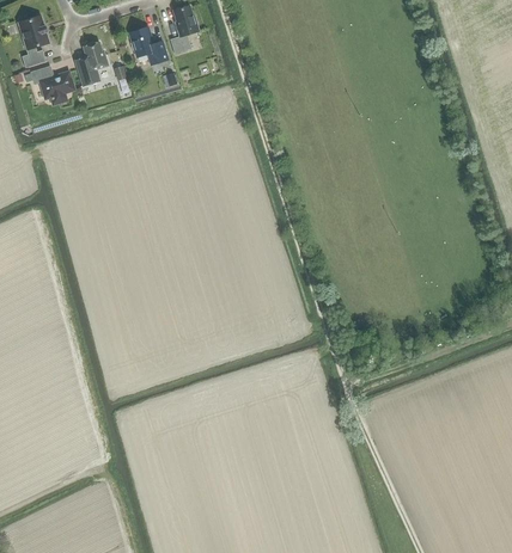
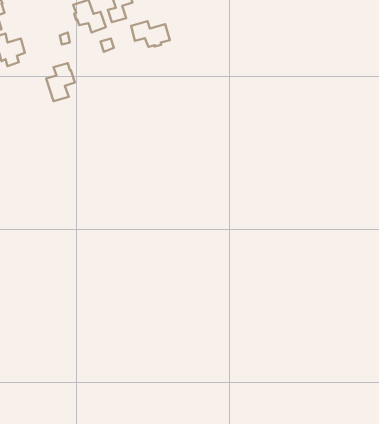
building: [74,42,108,86] -> [46,63,75,101]
building: none -> [131,21,170,47]

